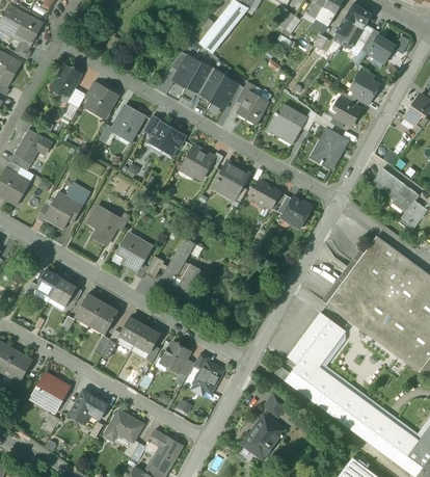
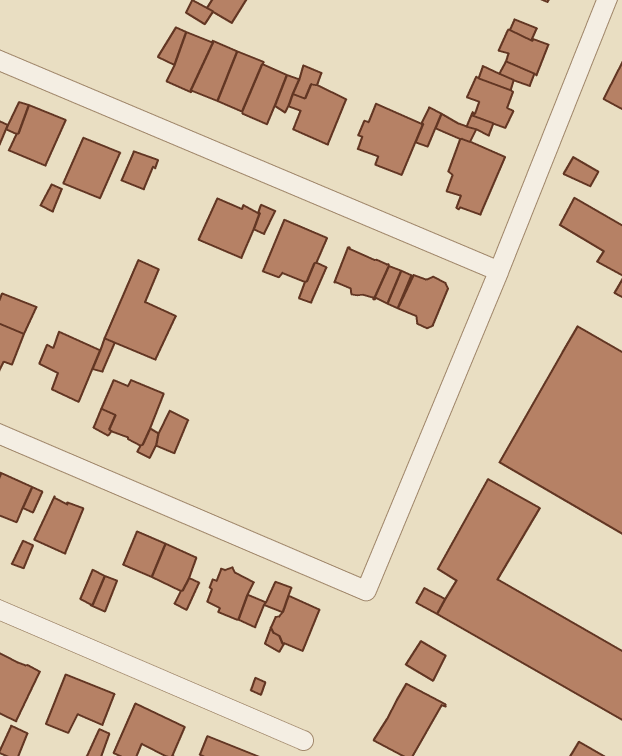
building: [153,125,185,154] -> none
building: [162,238,201,292] -> [104,260,176,360]
building: [90,302,118,335] -> none

